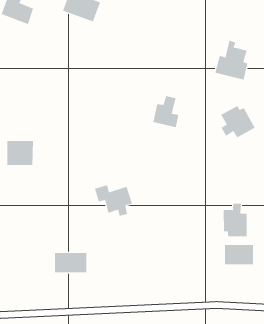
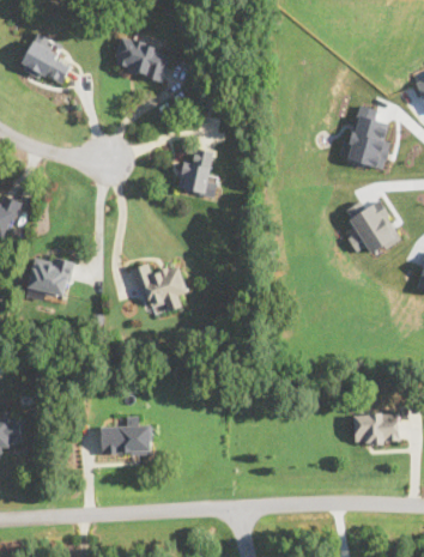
building: [152,96,179,128] -> [176,147,216,195]
building: [94,184,133,217] -> [128,262,186,310]
building: [223,203,247,237] -> none

